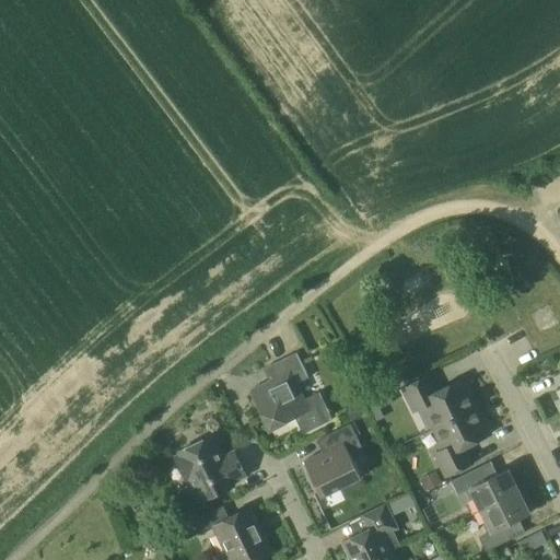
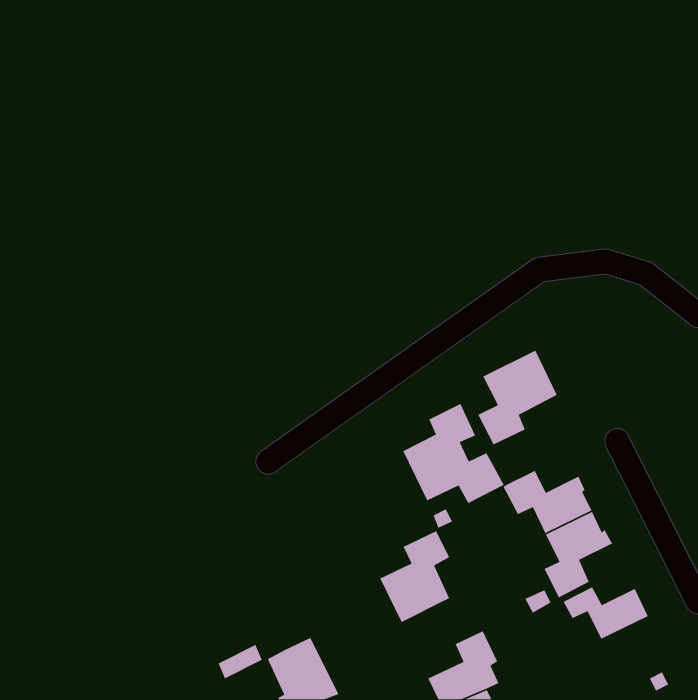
building: none -> [477,349,558,446]
building: [249,352,331,433] -> [402,403,505,504]
building: [174,436,245,501] -> none
building: [478,492,529,551] -> none

